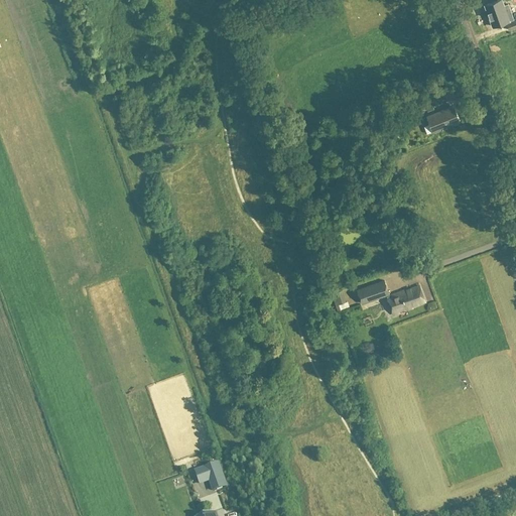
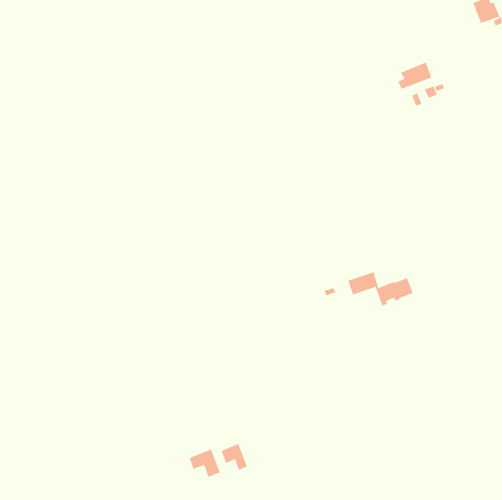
building: [422,104,458,132] -> [398,62,432,89]
building: none -> [221,443,248,471]

